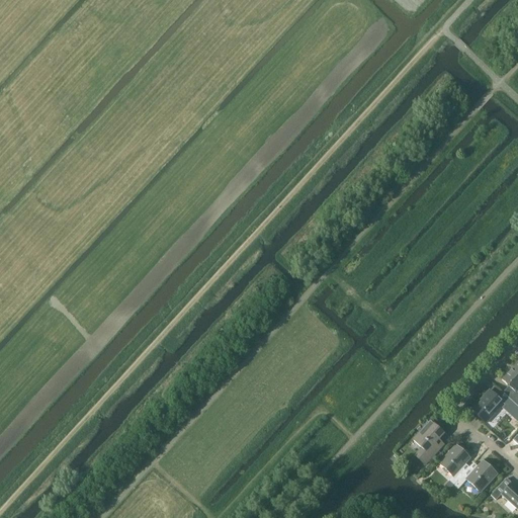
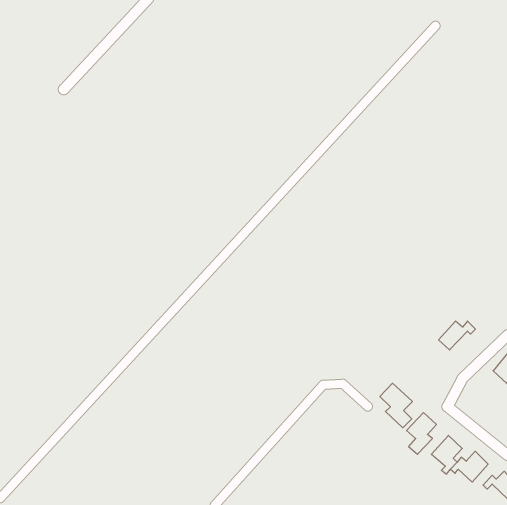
building: [474,390,512,419] -> [439,321,475,350]
building: none -> [380,383,412,428]

